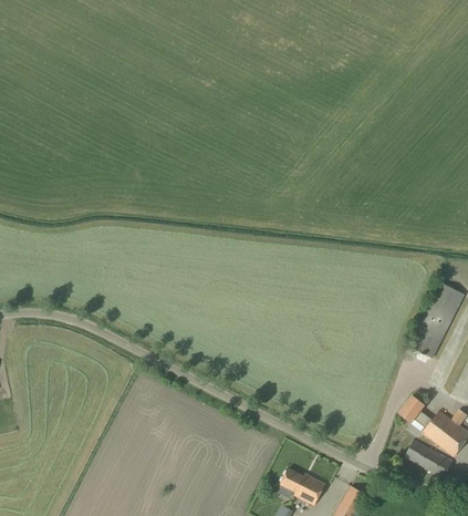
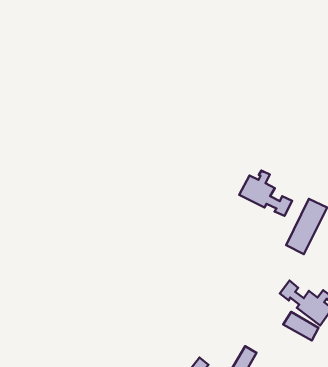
building: none -> [239,171,292,216]
building: [280,468,324,505] -> none

